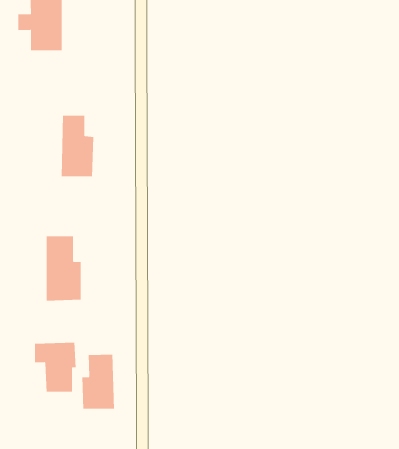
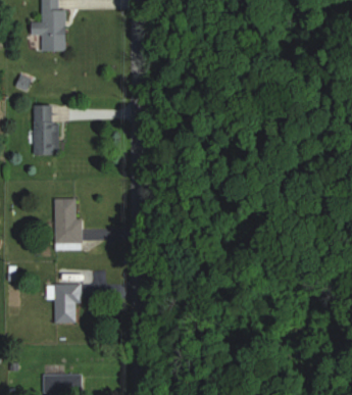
building: [61,115,94,177] -> [33,105,59,154]
building: [82,354,115,410] -> none

